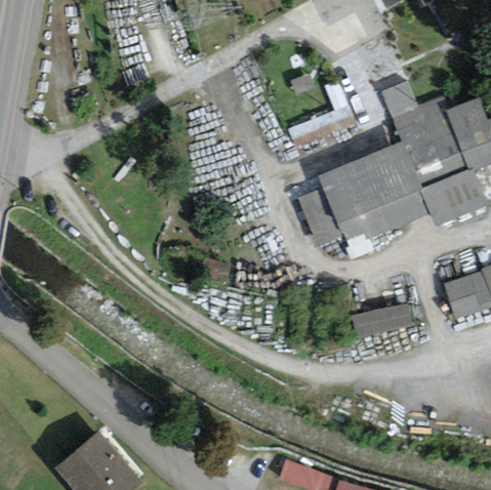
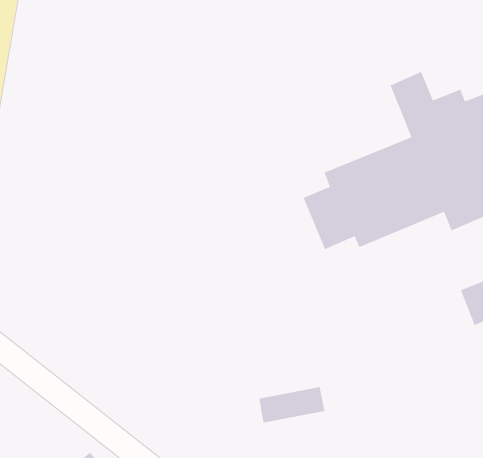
building: [291,104,361,153] -> none
building: [352,303,414,338] -> [258,386,326,424]

